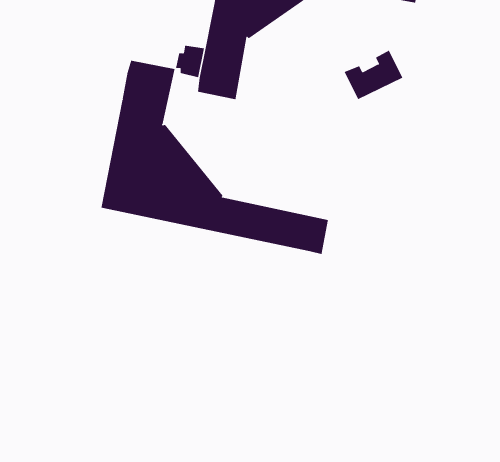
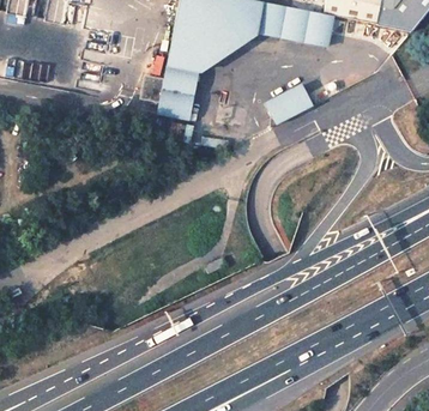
building: [101,60,329,255] -> none

